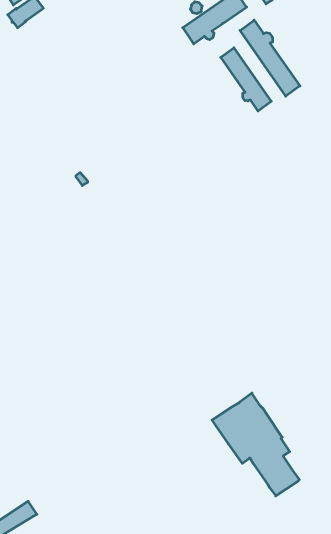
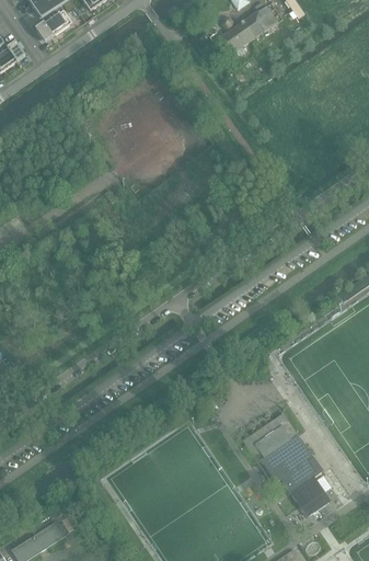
building: [240,20,300,96] -> none
building: [221,48,271,111] -> none

